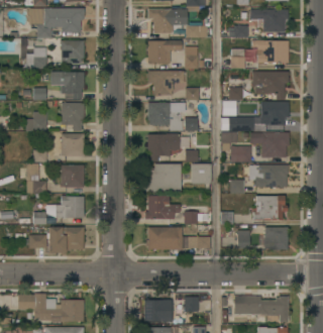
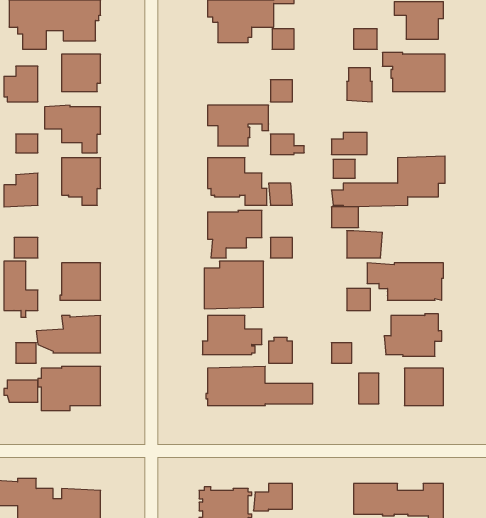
building: [147,40,182,63] -> none
building: [248,71,289,100] -> none
building: [249,132,289,157] -> none
building: [61,133,84,155] -> none
building: [191,163,211,184] -> none

